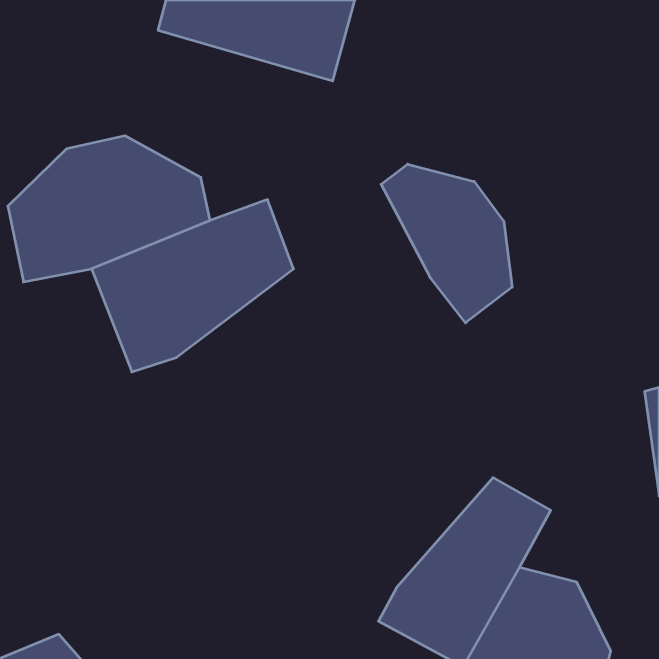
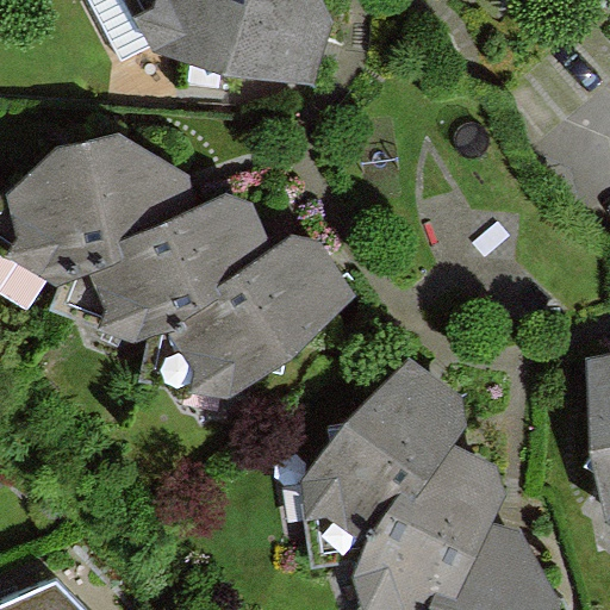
building: [381,164,512,323] -> none
building: none -> [161,230,346,394]
building: none -> [299,363,473,543]

